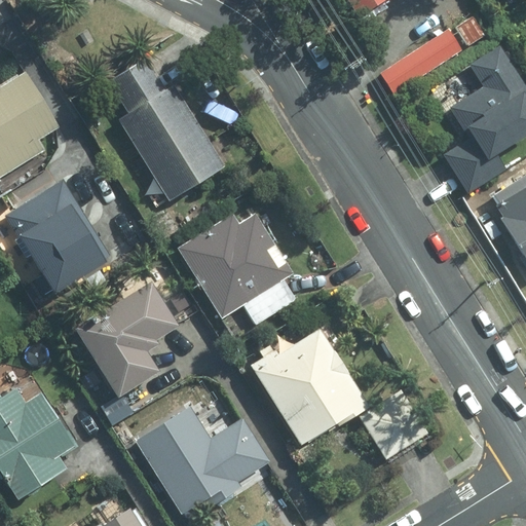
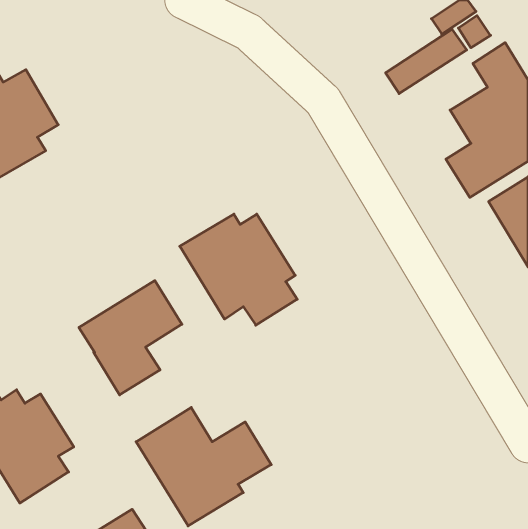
building: [110,59,226,201] -> none
building: [6,180,110,293] -> none
building: [253,324,422,460] -> none

